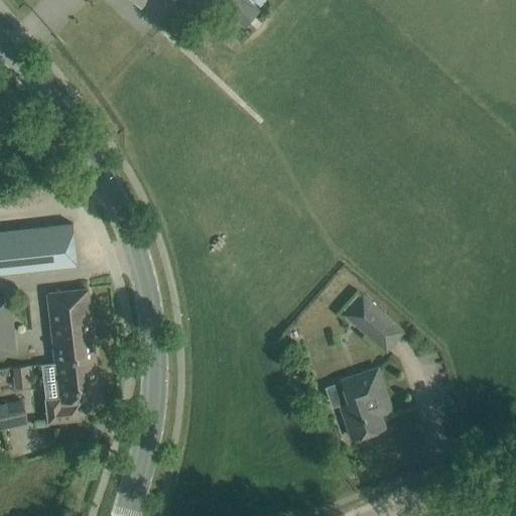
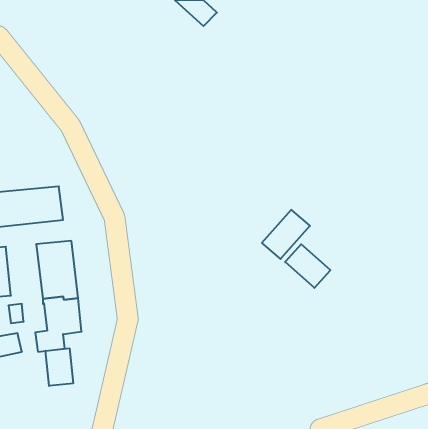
building: none -> [262,210,310,259]
building: [340,369,386,438] -> none
building: none -> [46,348,73,386]

